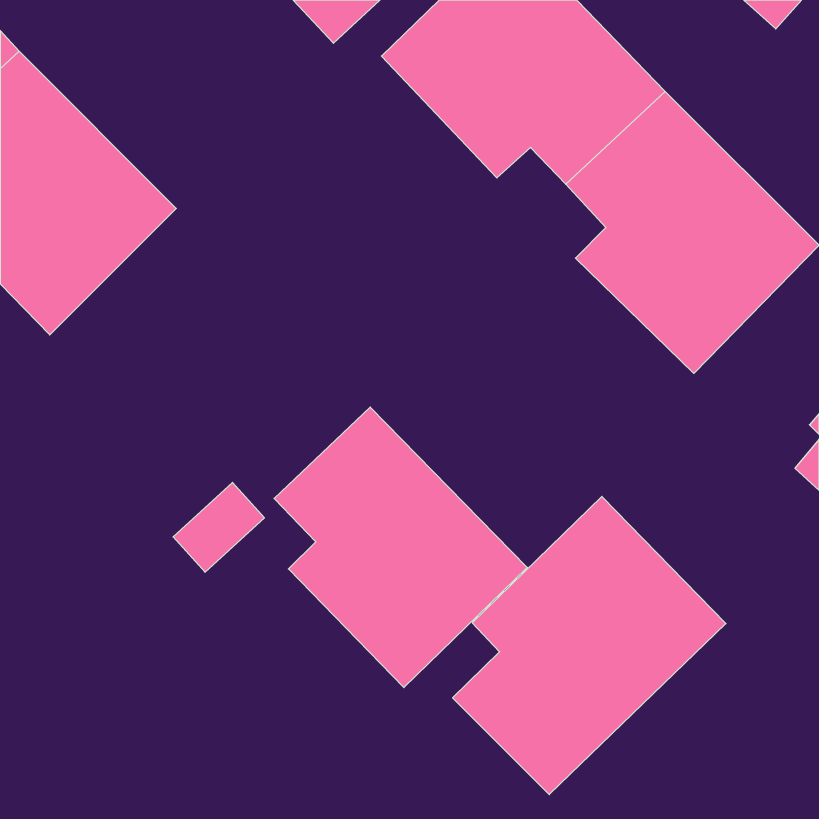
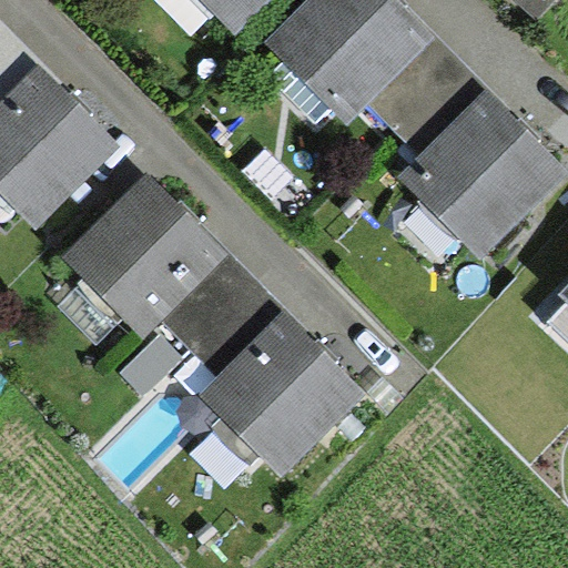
building: none -> [61,171,256,345]
building: [453,496,726,795] -> none

